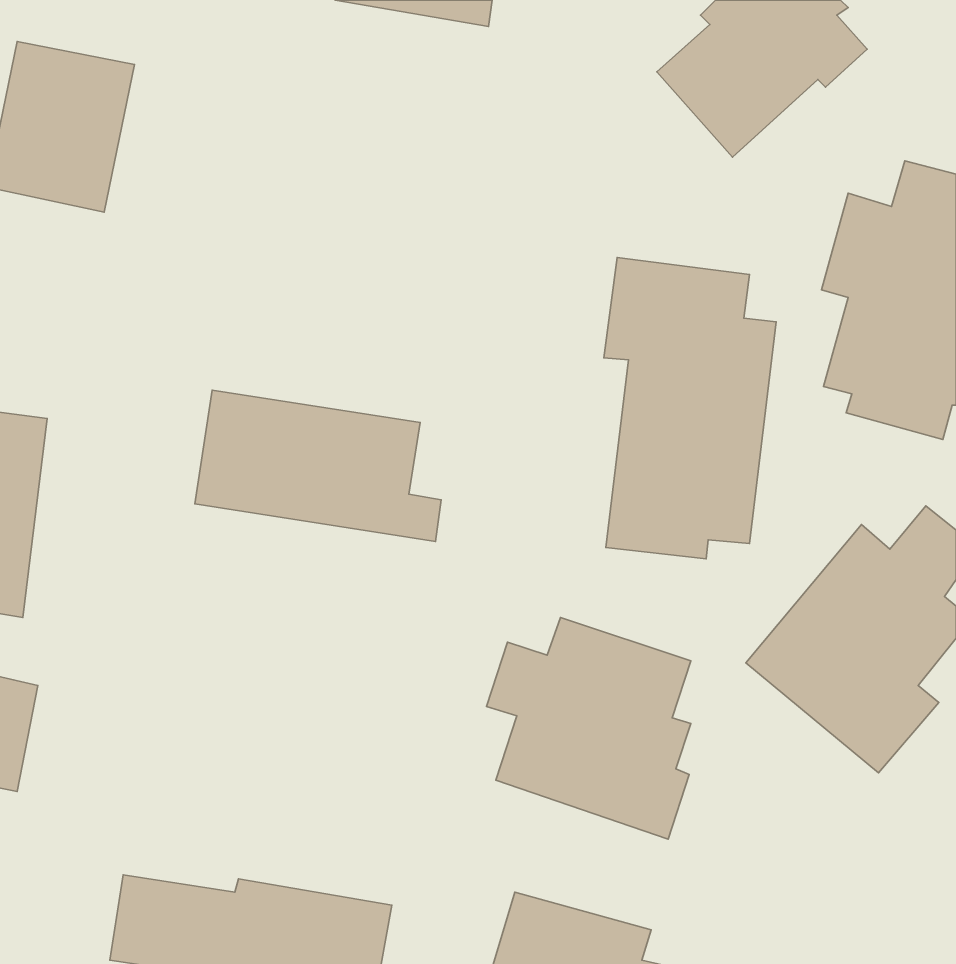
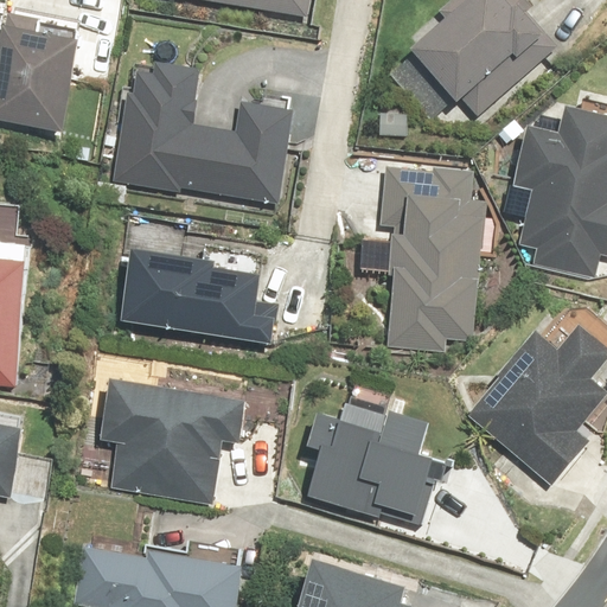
building: none -> [113,62,292,206]
building: none -> [101,373,247,505]

